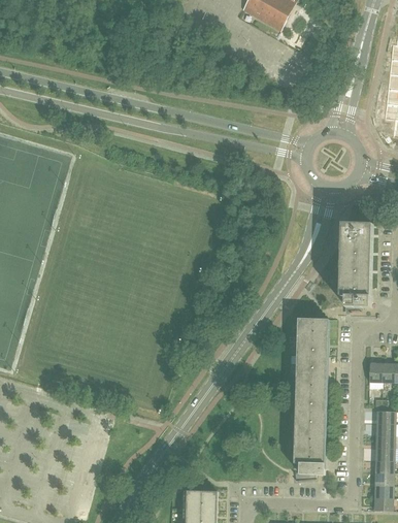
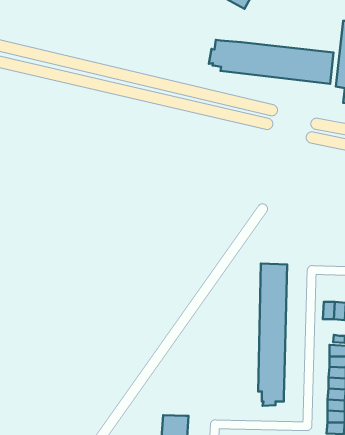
building: none -> [209,40,334,84]
building: [341,223,372,312] -> none

